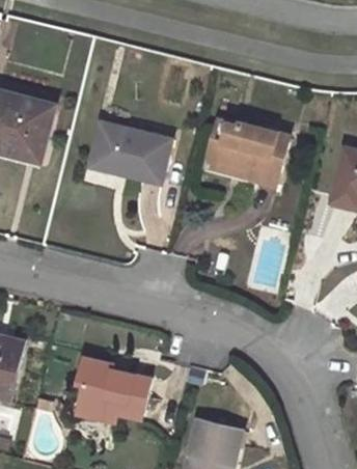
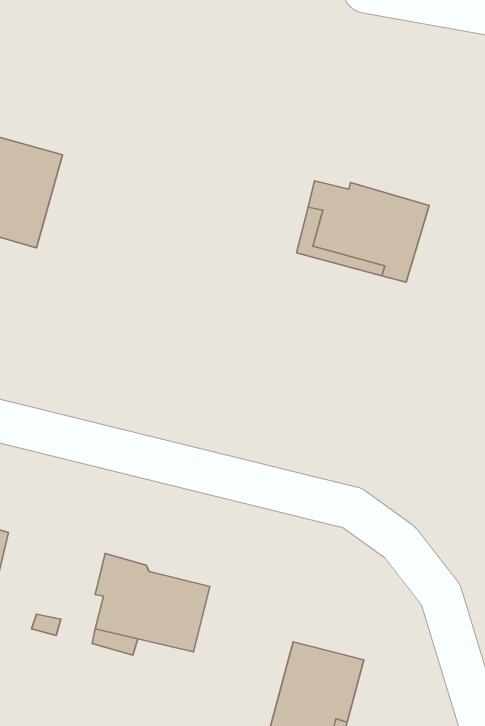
building: [87,122,170,184] -> none

